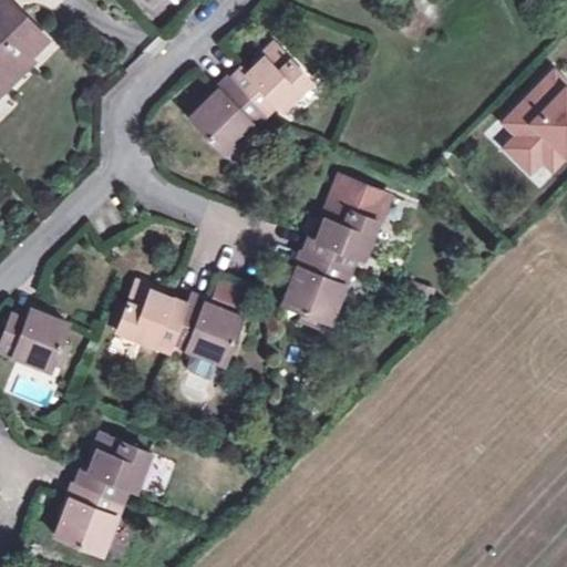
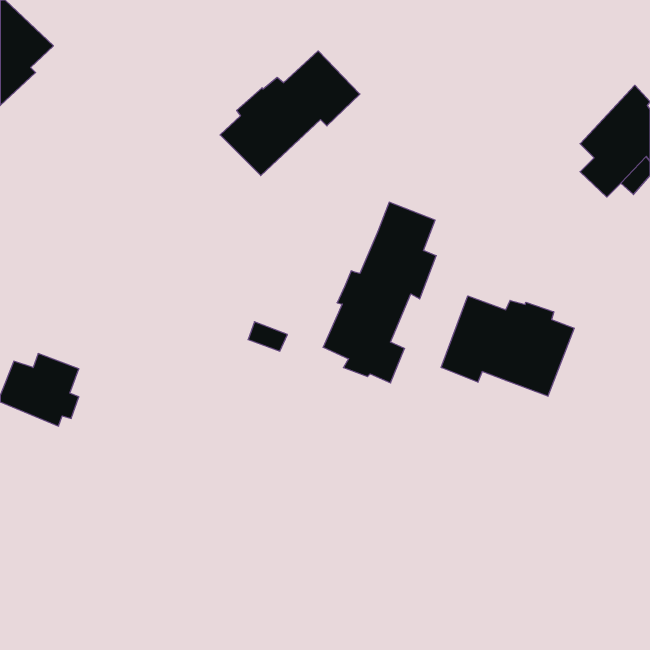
building: none -> [441,296,574,396]
building: [116,278,244,379] -> none
building: [55,433,152,554] -> none

